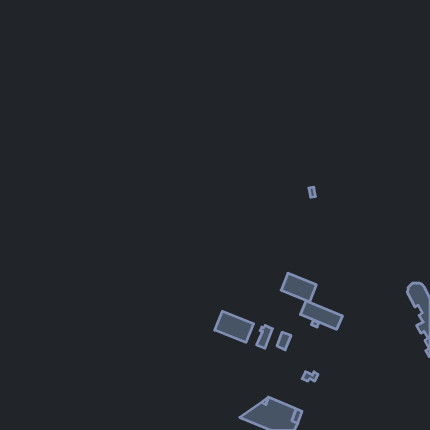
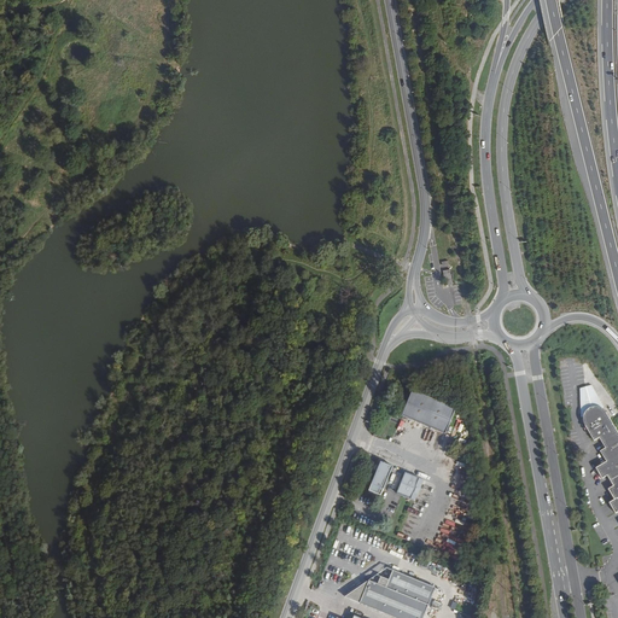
building: [300,301,342,329] -> none
building: [215,311,254,342] -> none

